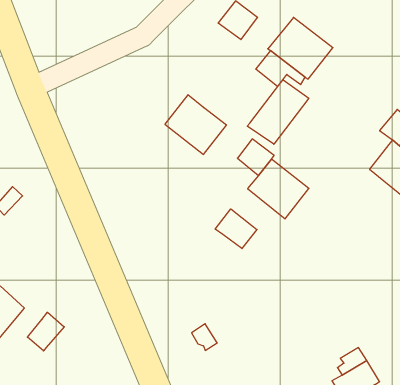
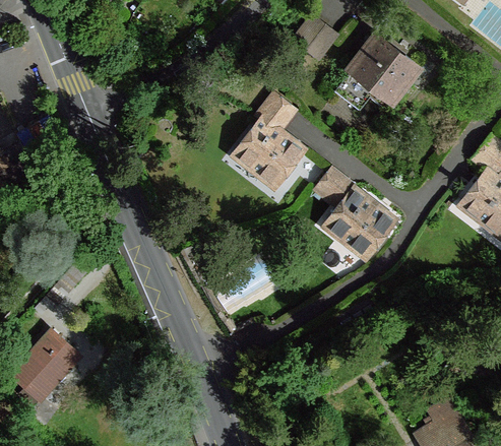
building: none -> [255,93,295,134]
building: [247,80,309,144] -> none
building: [215,209,257,249] -> none
building: [27,312,64,351] -> none

